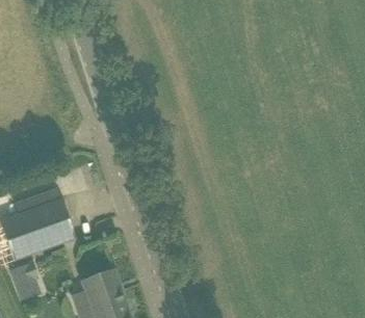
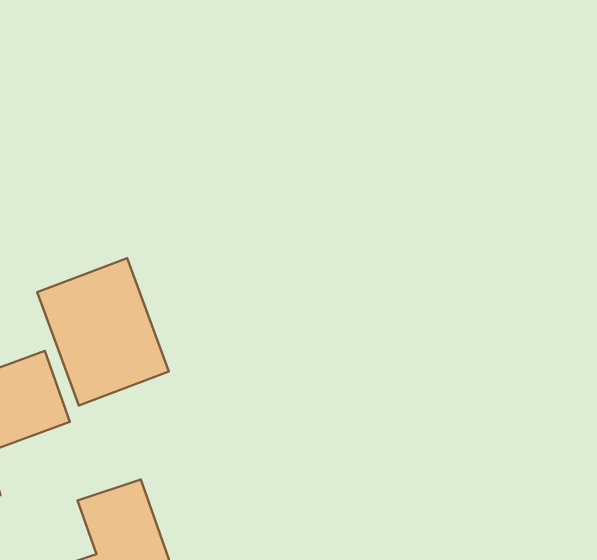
building: none -> [37,258,169,406]

